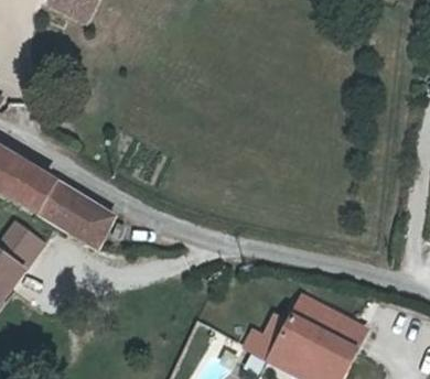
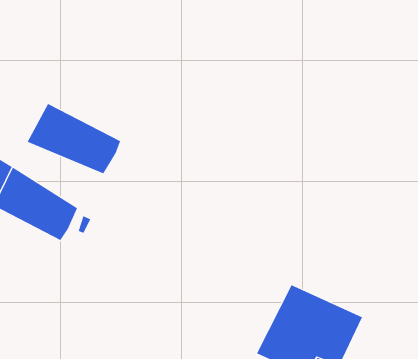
building: none -> [27,103,121,174]

